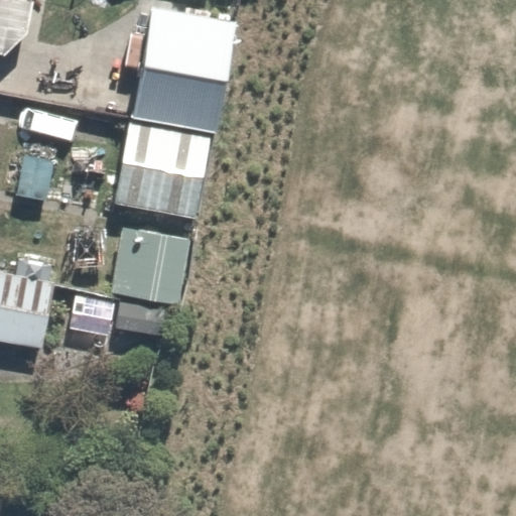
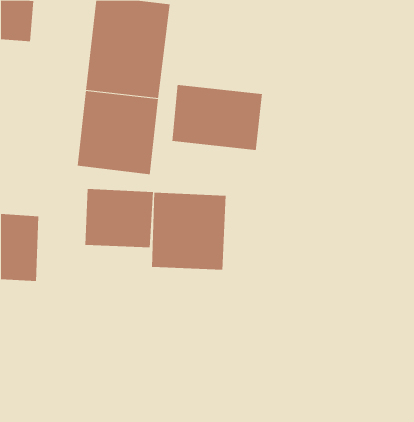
building: none -> [172,84,262,151]
building: none -> [152,192,226,271]

